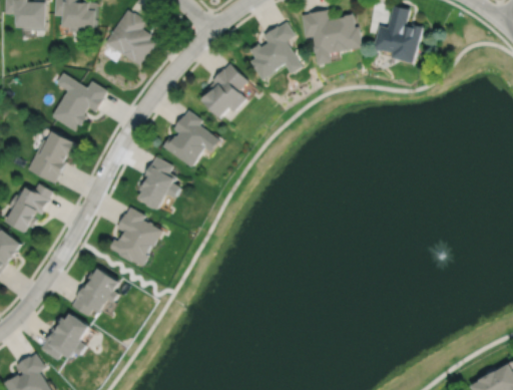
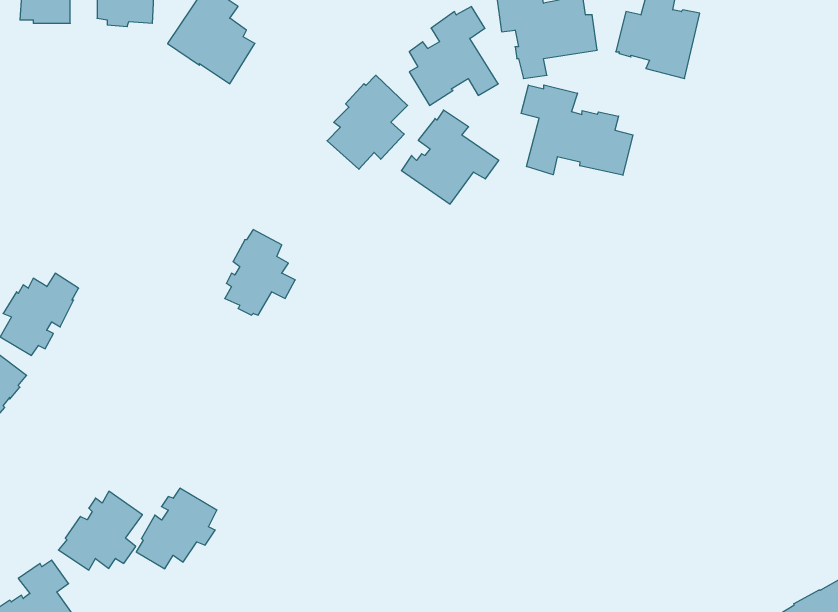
building: none -> [521,85,633,175]
building: [51,74,106,129] -> none
building: [163,108,221,164] -> [401,110,499,204]
building: [27,128,76,181] -> none
building: [109,206,163,265] -> none
building: [72,267,120,315] -> [136,488,217,569]

